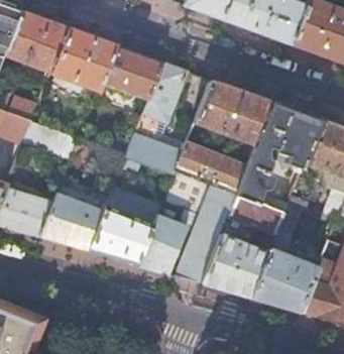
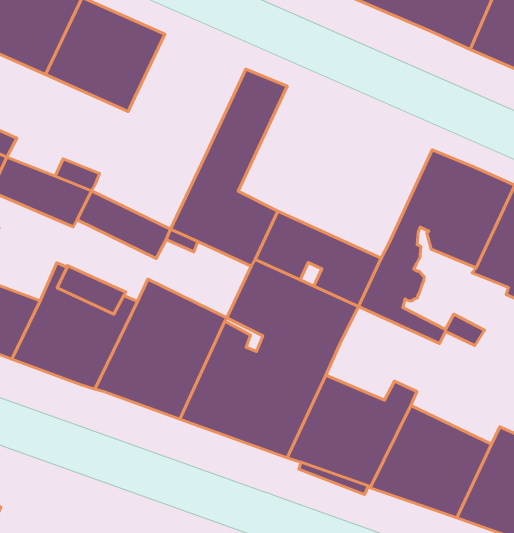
building: [102,46,164,112] -> none
building: [195,81,273,157] -> none
building: [228,195,284,234] -> none

